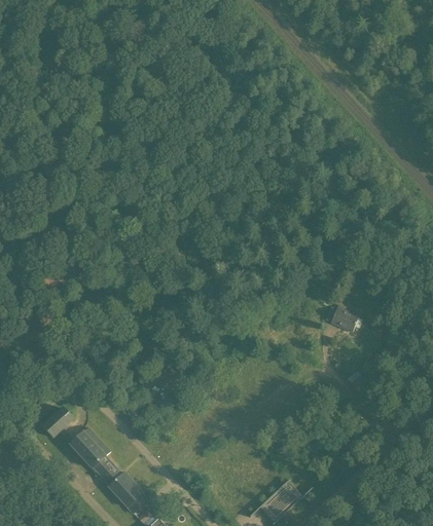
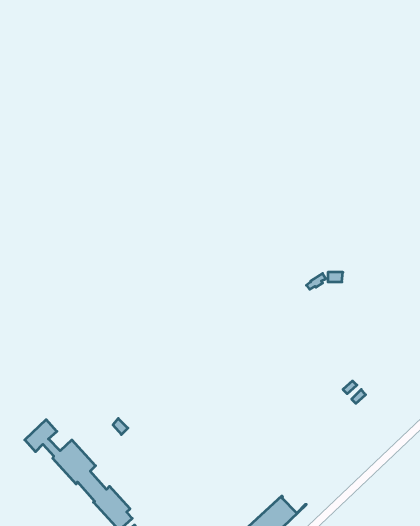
building: [331,305,359,332] -> none

